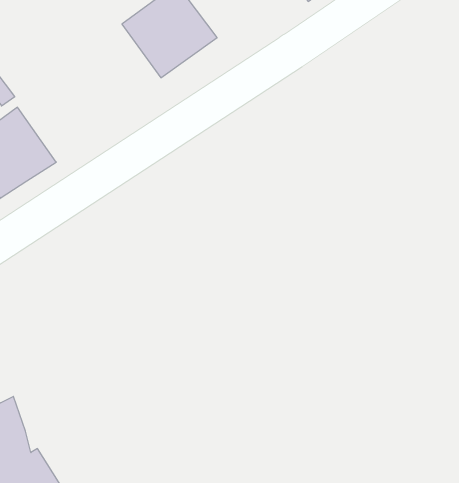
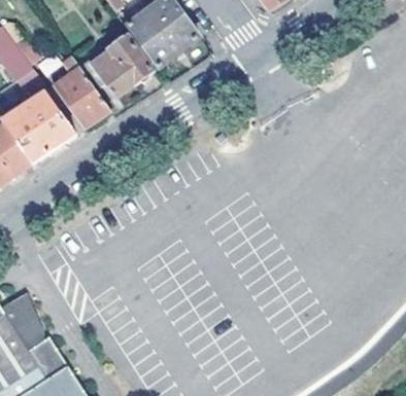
building: none -> [84,35,151,96]
building: none -> [52,51,109,127]

